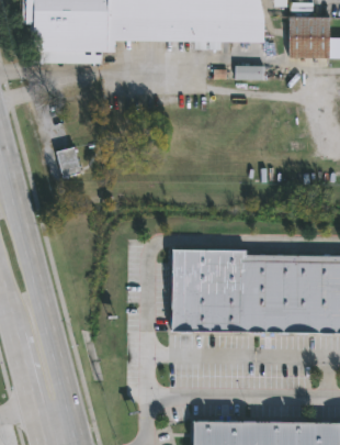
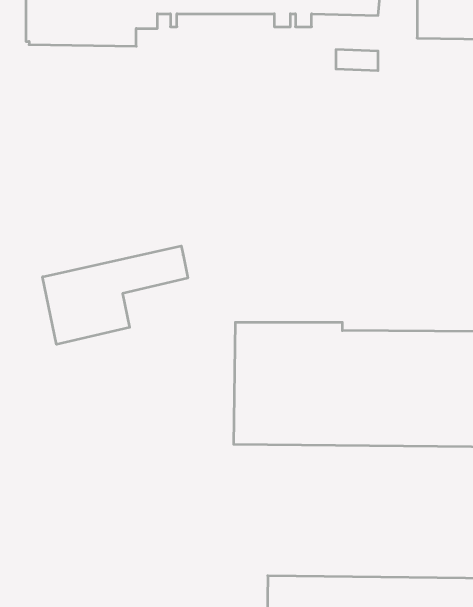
building: [53,146,78,177] -> none
building: none -> [43,246,188,344]

